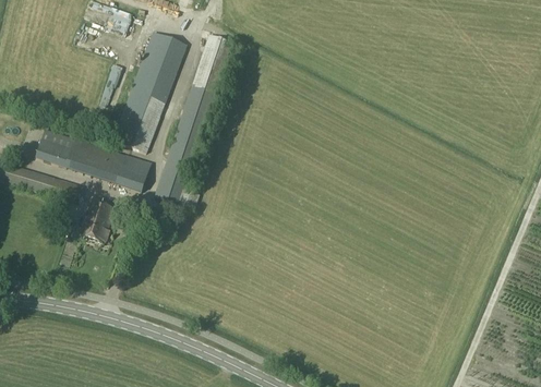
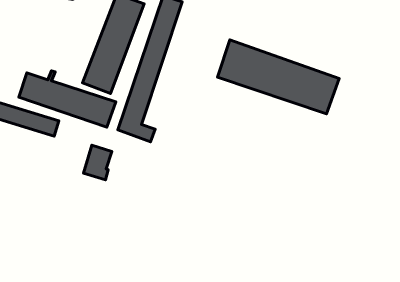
building: none -> [217,40,339,114]
building: [81,199,115,241] -> [84,145,112,180]

